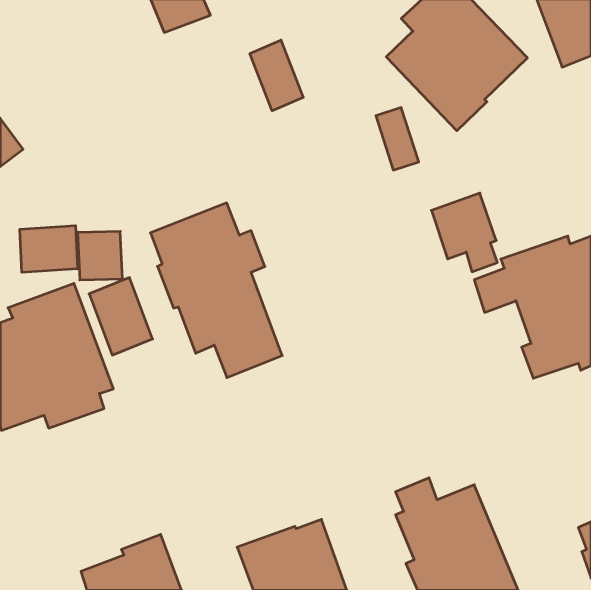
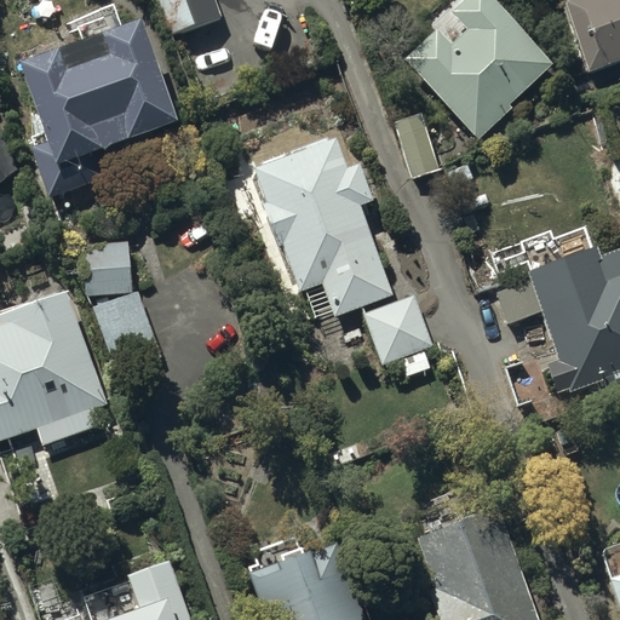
building: none -> [17,16,179,197]
building: [250,40,303,111] -> none
building: [431,193,497,272] -> [362,295,431,378]
building: [150,203,282,378] -> [253,134,391,317]
building: [20,226,77,272] -> none

